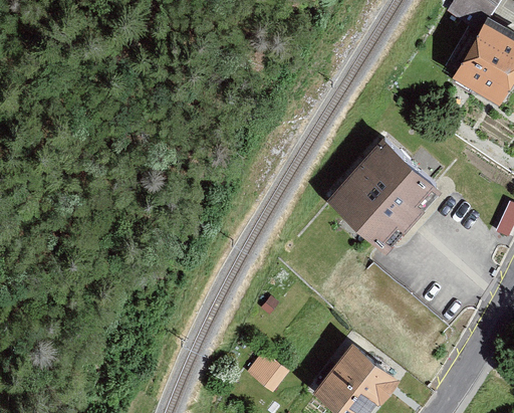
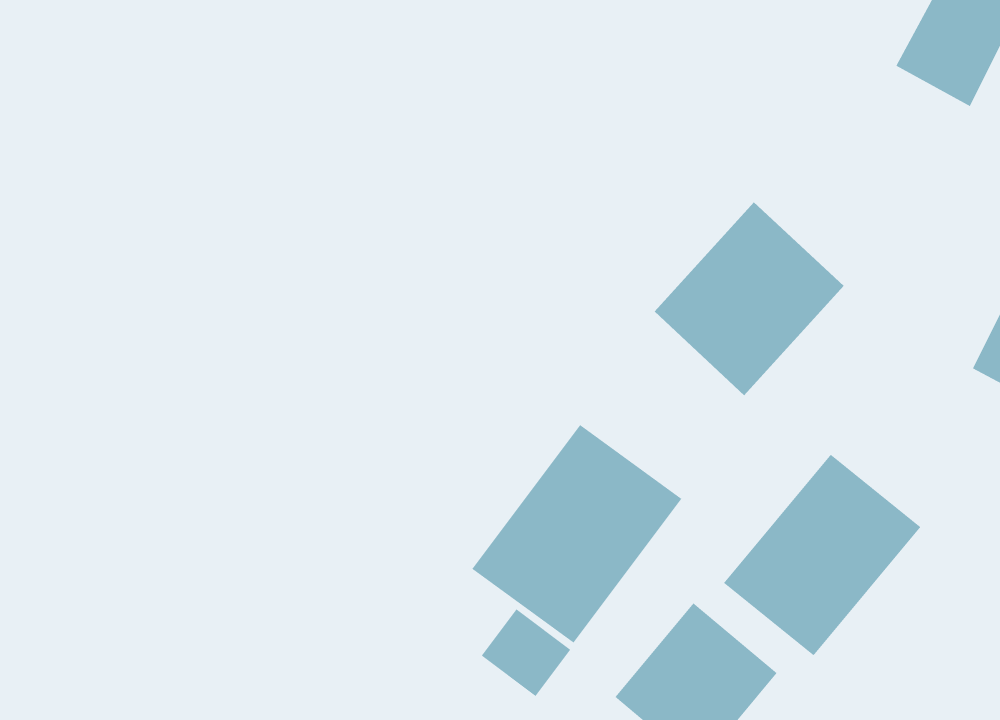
building: none -> [471,424,682,643]
building: none -> [723,454,921,656]

